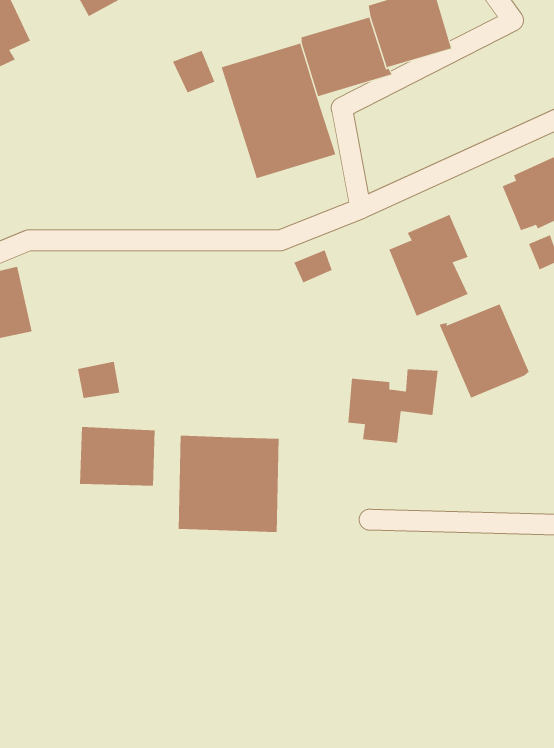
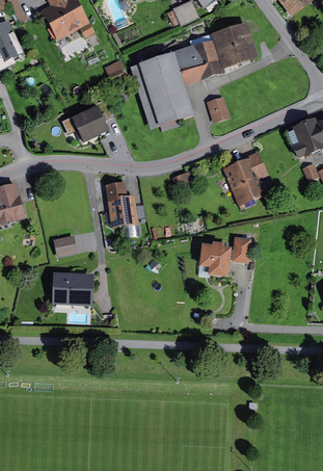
building: none -> [207,95,231,123]
building: none -> [73,105,110,142]
building: none -> [106,182,139,229]
building: [439,303,530,399] -> none
building: [178,435,279,533] -> none

